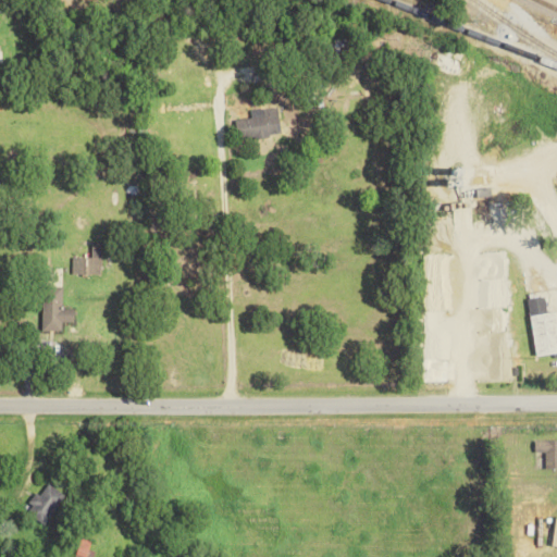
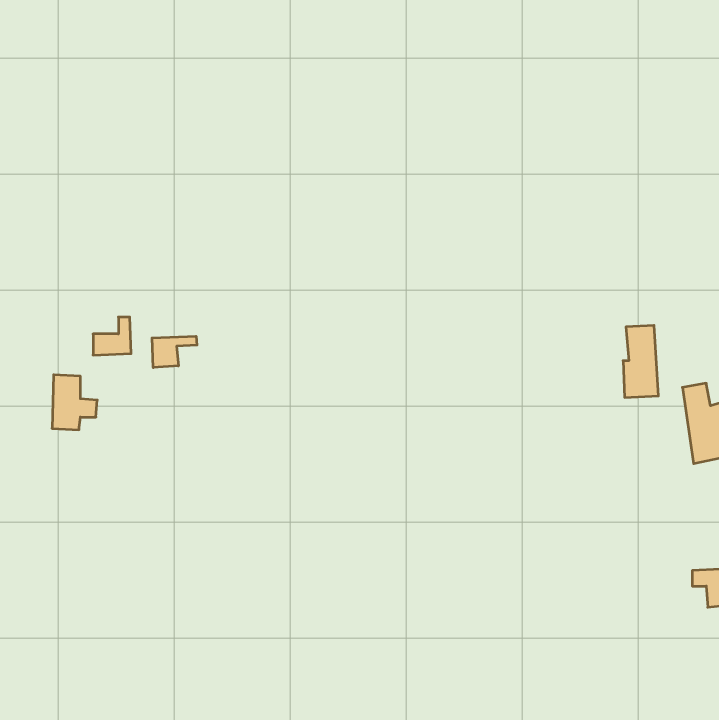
building: [237,107,283,139] -> none
building: none -> [152,336,197,368]
building: [27,483,65,523] -> none

